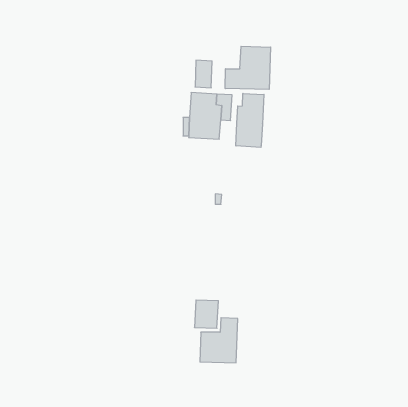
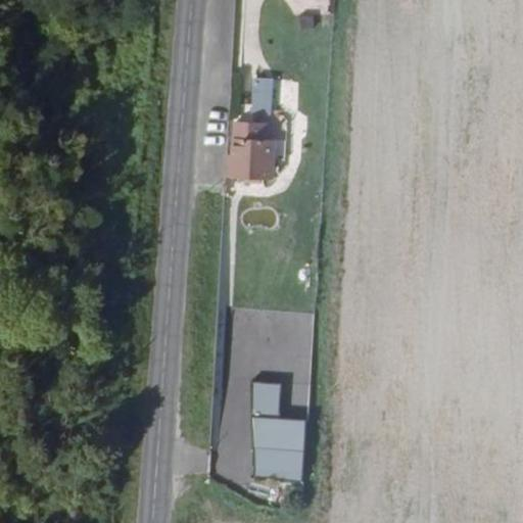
building: [225,46,271,89] -> none
building: [236,93,264,147] -> none

